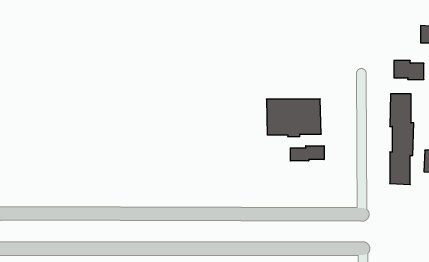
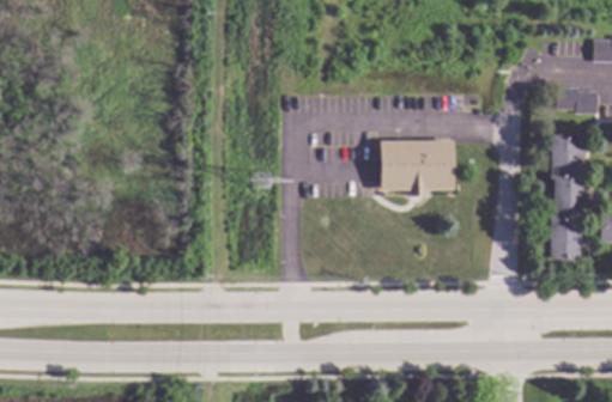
building: [290,146,324,161] -> none

